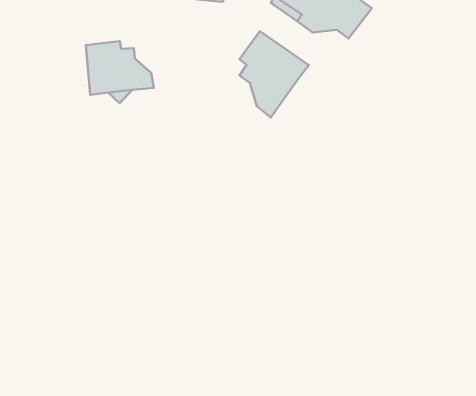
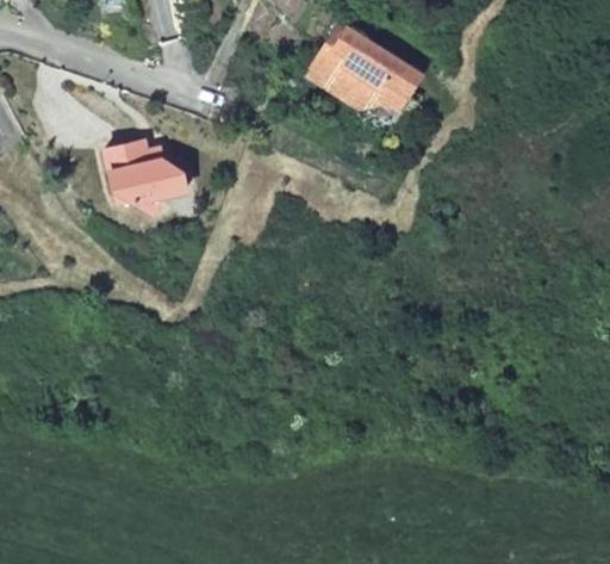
building: [239,31,309,118] -> none

